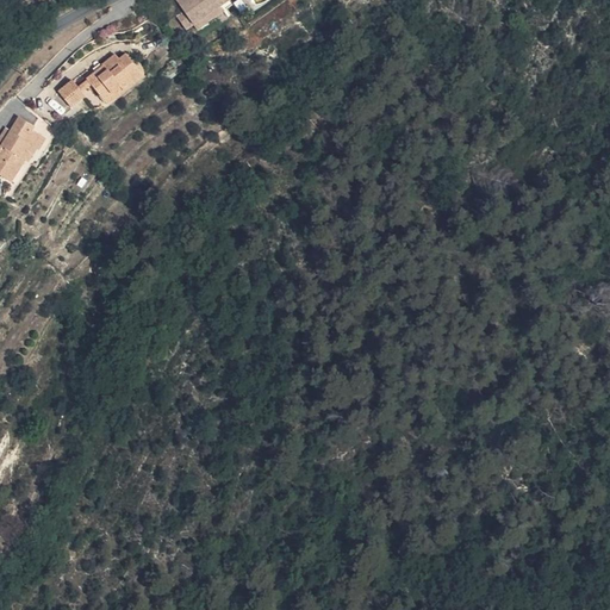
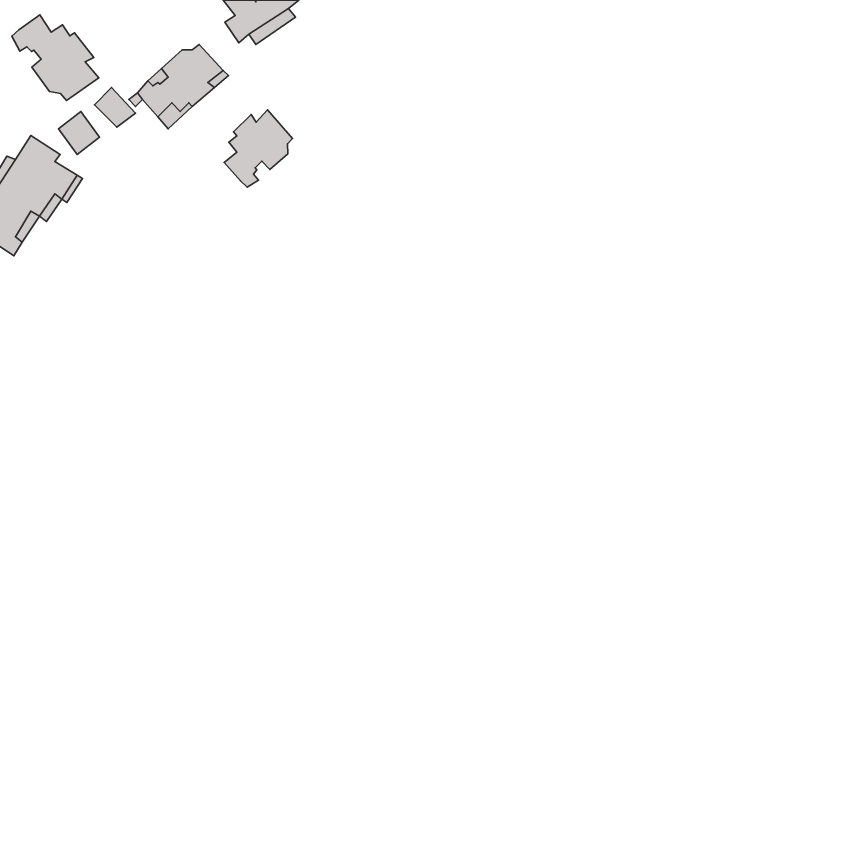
building: none -> [12,15,99,100]
building: none -> [224,110,292,187]

